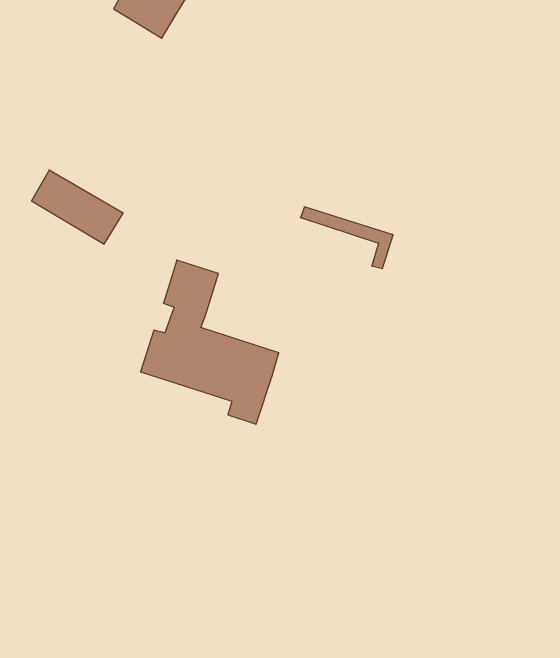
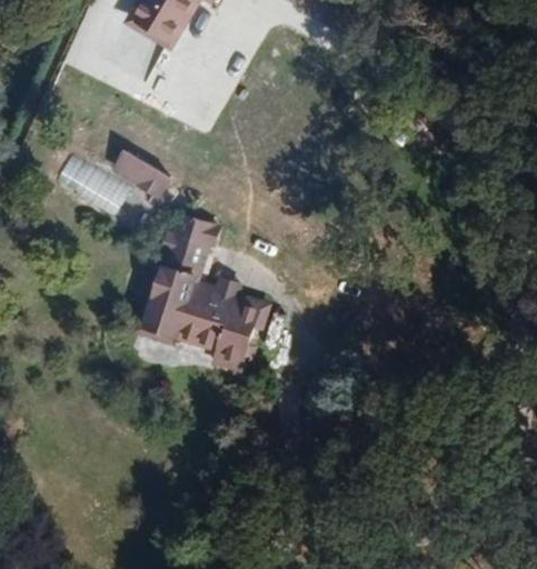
building: none -> [110,144,175,199]
building: [300,207,393,269] -> [195,278,271,329]

